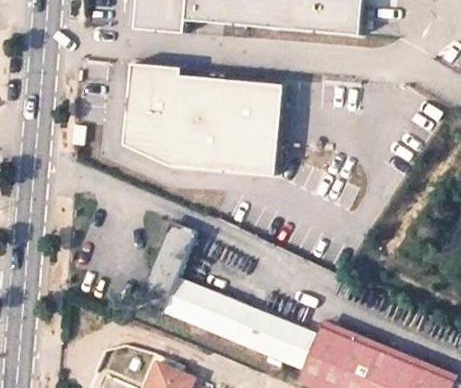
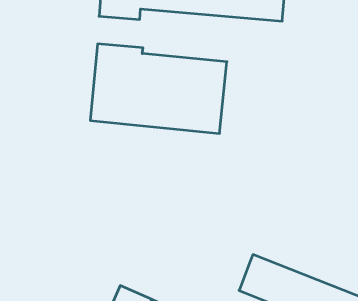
building: [139,220,316,367] -> none

